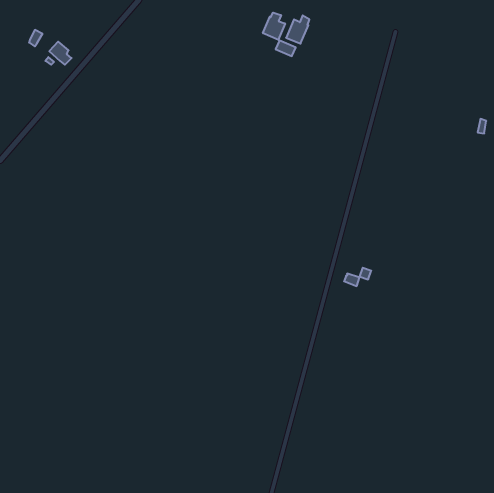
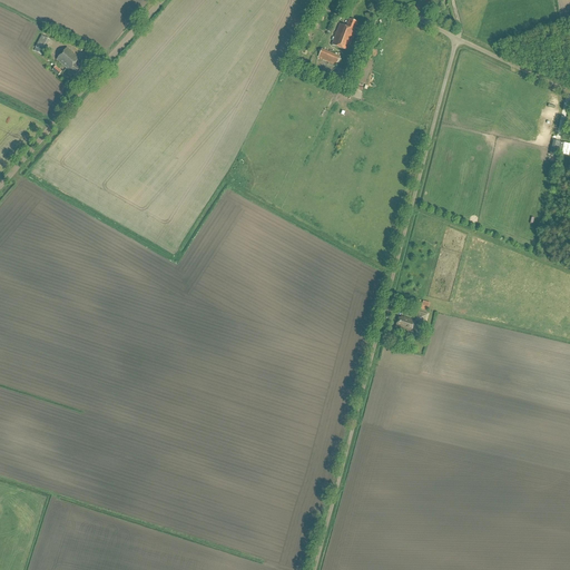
building: [263,13,285,40] -> none

